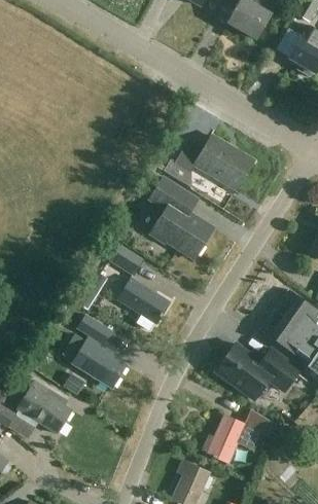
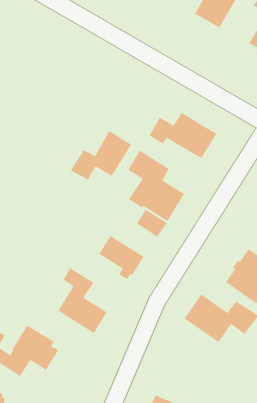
building: none -> [70,130,132,180]
building: [108,243,144,276] -> [136,209,168,238]
building: [203,409,276,462] -> none

